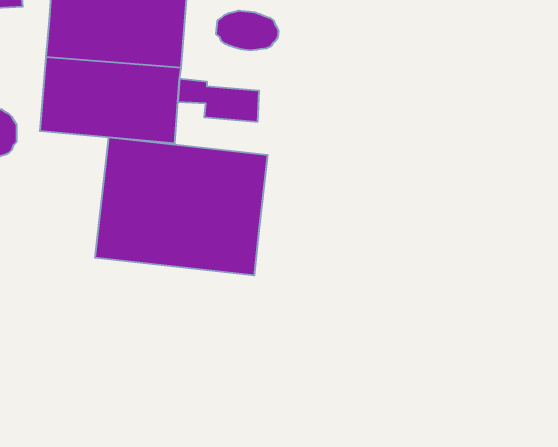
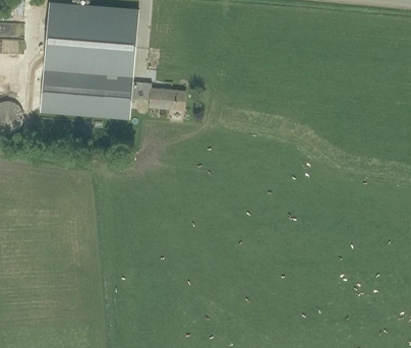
building: [216,10,278,50] -> none
building: [95,137,268,276] -> none

